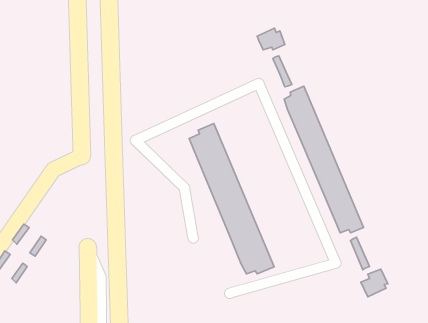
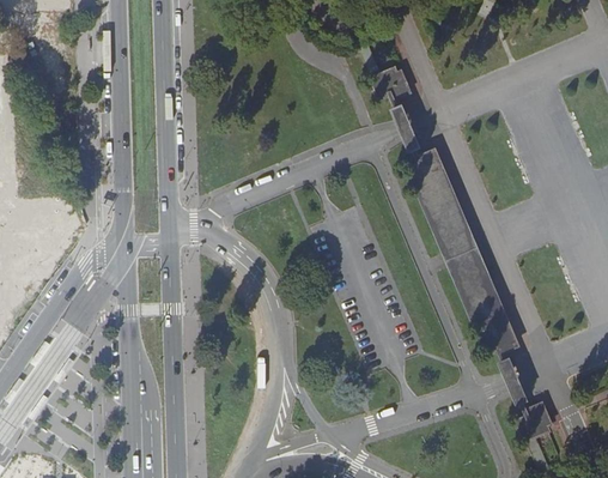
building: [189,123,274,274] -> none

